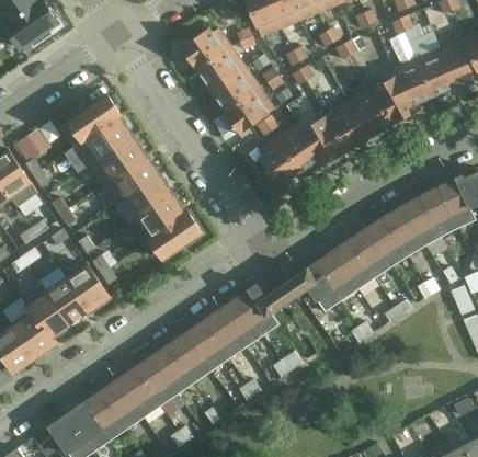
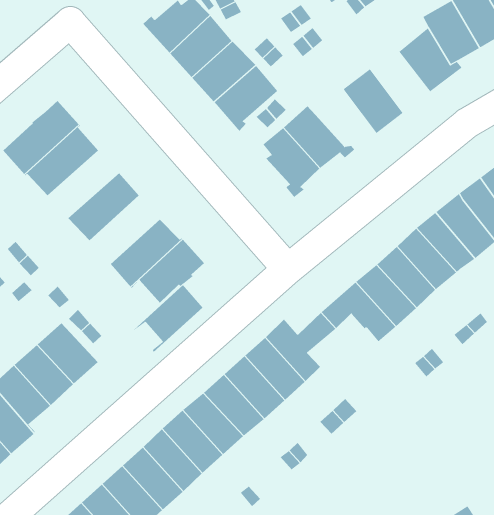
building: [346,89,389,138] -> none
building: [300,116,344,161] -> none
building: [88,136,145,184] -> none
building: [115,174,171,224] -> [133,284,204,353]

